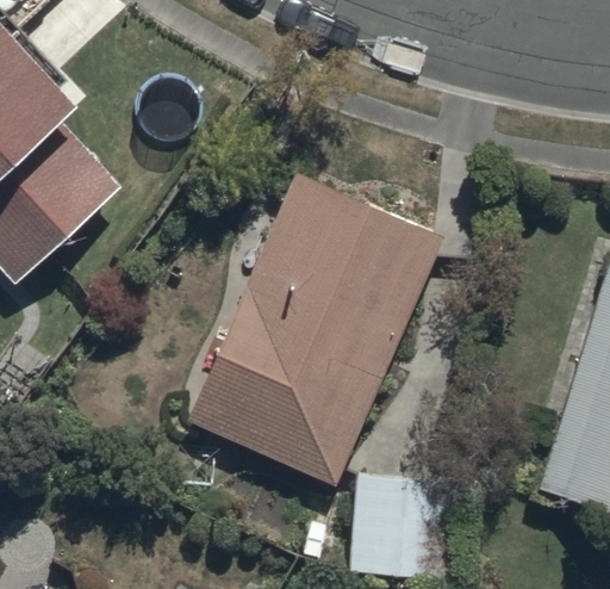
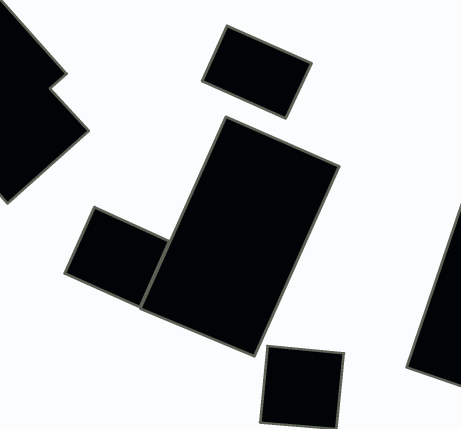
building: none -> [202,26,311,118]
building: none -> [65,207,169,307]

